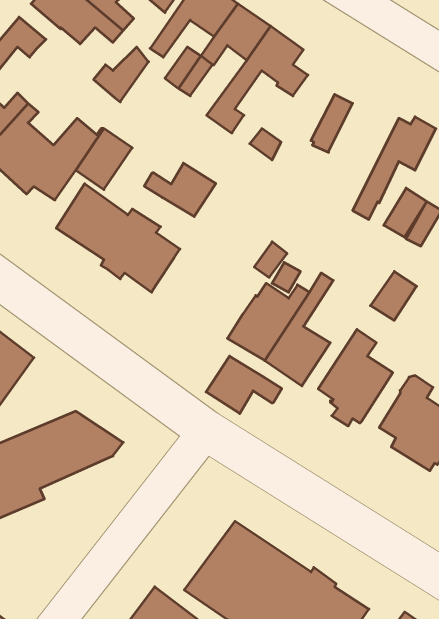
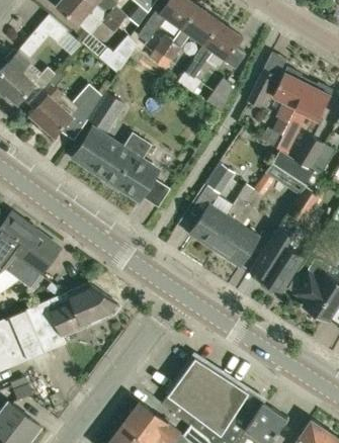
building: none -> [262,67,307,147]
building: [144,163,216,217] -> none
building: none -> [265,150,313,193]
building: [206,356,282,414] -> none

